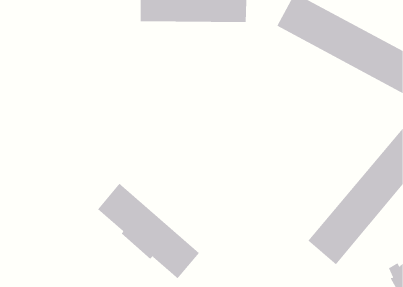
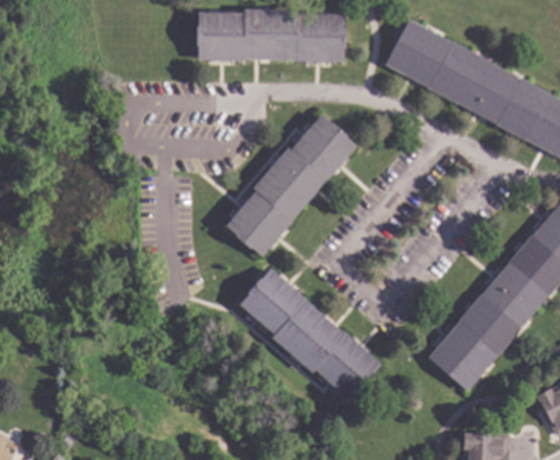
building: none -> [226,116,357,257]
building: [97,183,200,279] -> [240,269,380,400]

